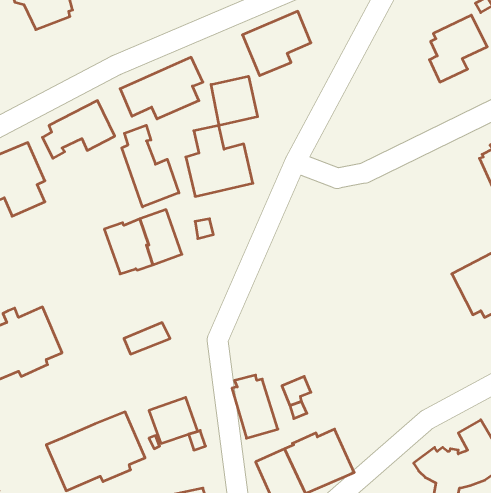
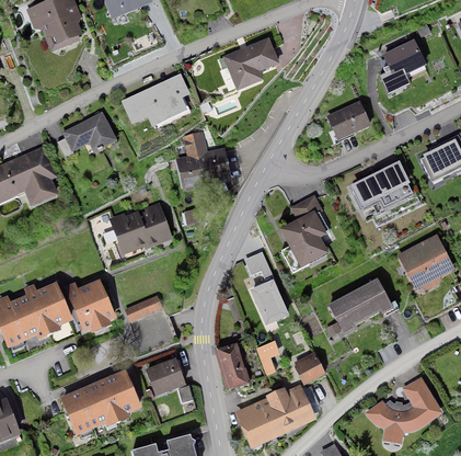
building: [211,76,258,126] -> none
building: none -> [326,100,371,140]
building: [122,125,179,207] -> none
building: none -> [350,161,413,209]
building: none -> [279,194,330,271]
building: none -> [244,250,289,326]
building: none -> [65,278,117,333]
building: none -> [326,278,397,337]
building: none -> [295,352,326,385]

